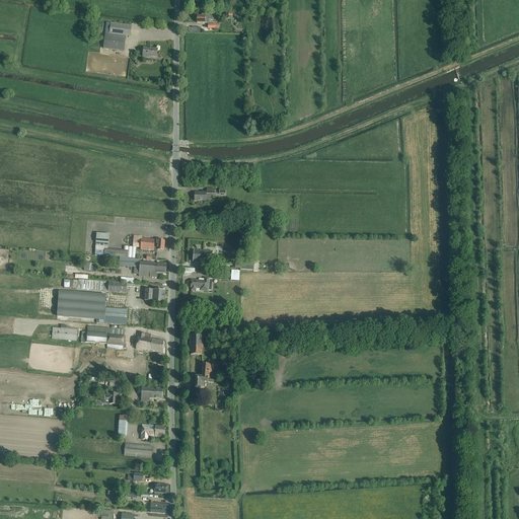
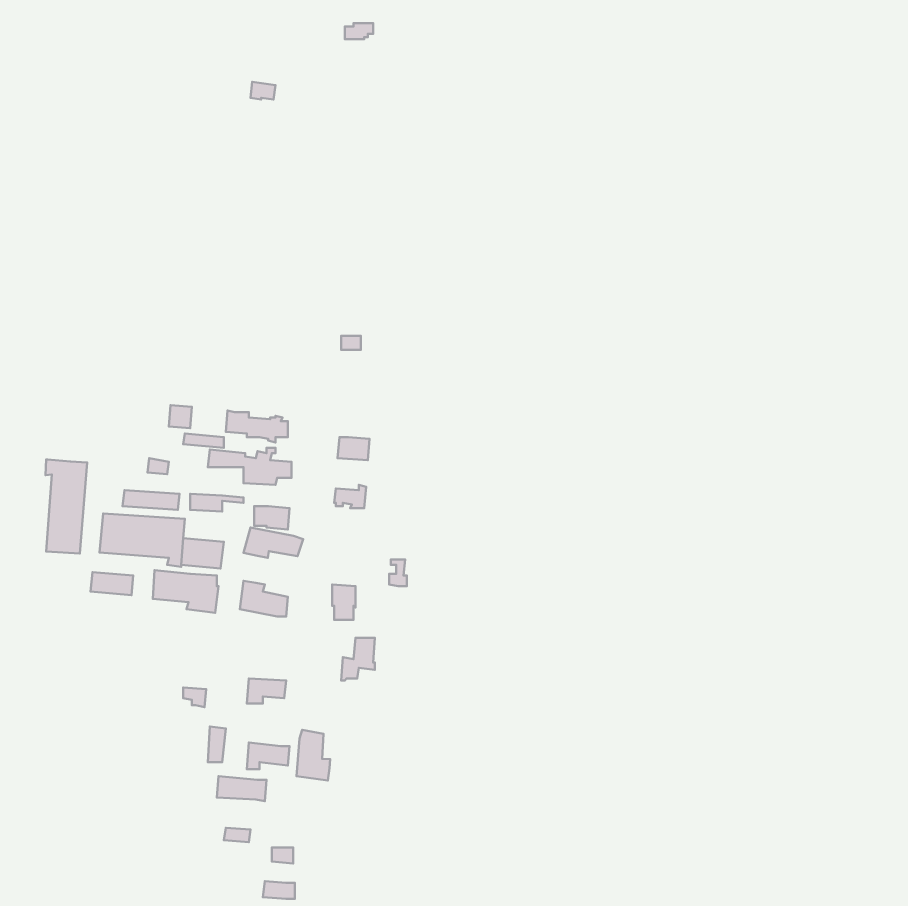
building: [103,22,131,50] -> none
building: none -> [46,459,87,553]
building: none -> [244,528,303,558]
building: none -> [296,730,330,781]

